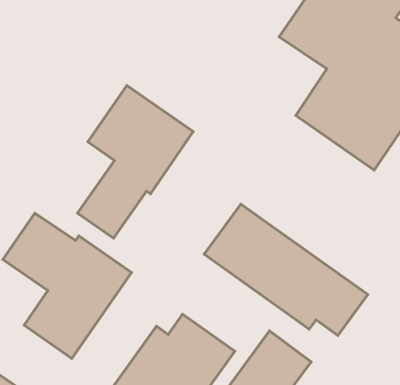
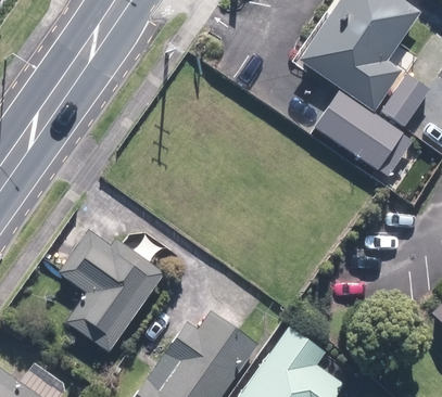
building: [77,86,193,238] -> none
building: [204,204,368,336] -> none

